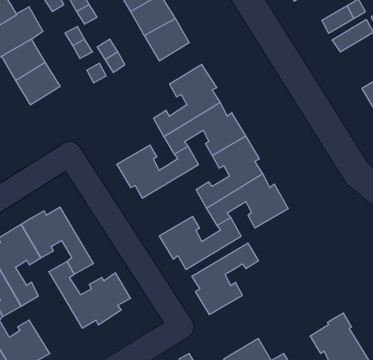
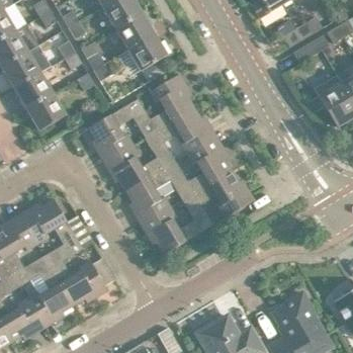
building: none -> [27,93,66,130]
building: none -> [88,98,147,162]
building: [192,243,259,315] -> [125,162,184,225]
building: none -> [26,256,73,328]

